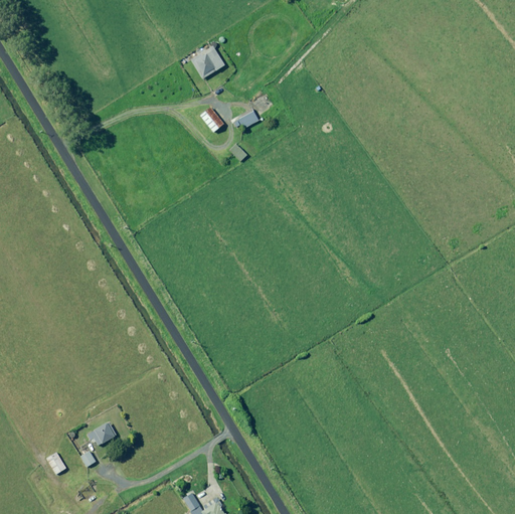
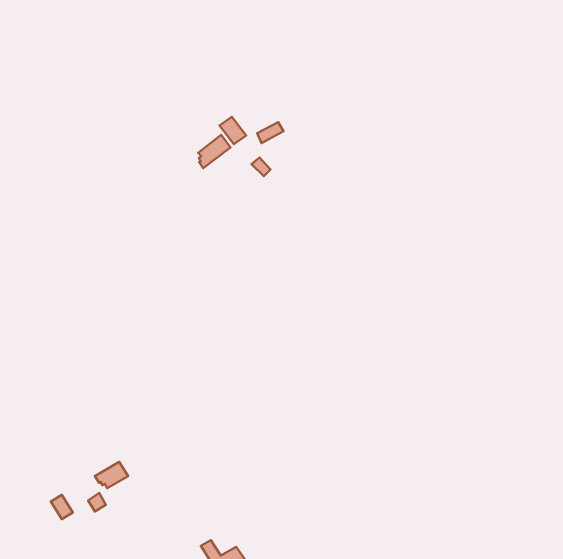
building: [191,46,224,78] -> none
building: none -> [198,135,230,168]

